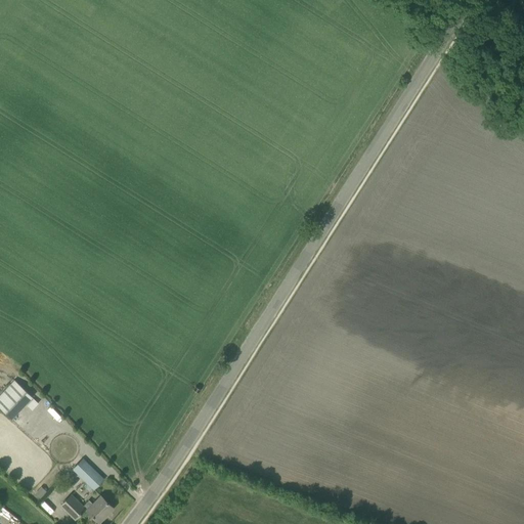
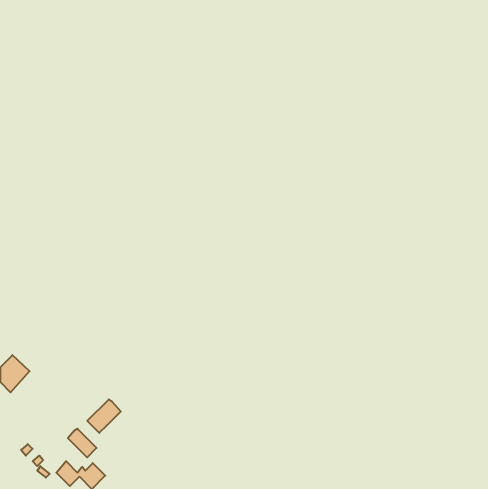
building: none -> [87,399,121,433]

